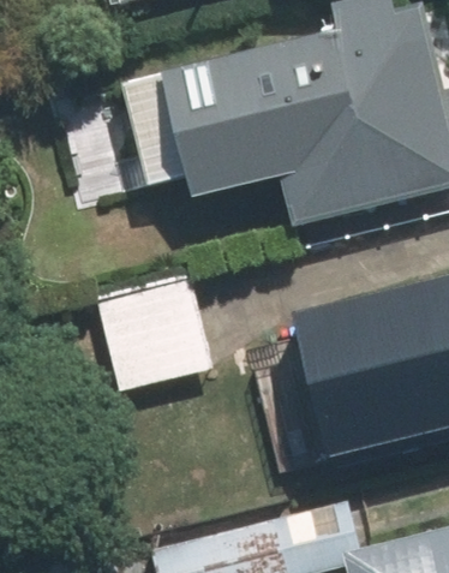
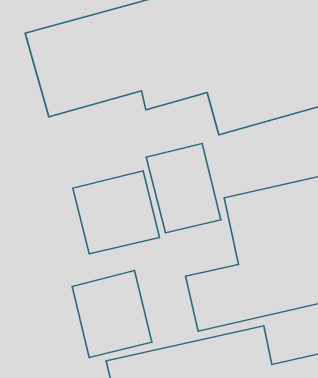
building: none -> [146,144,221,233]
building: none -> [72,271,152,357]

